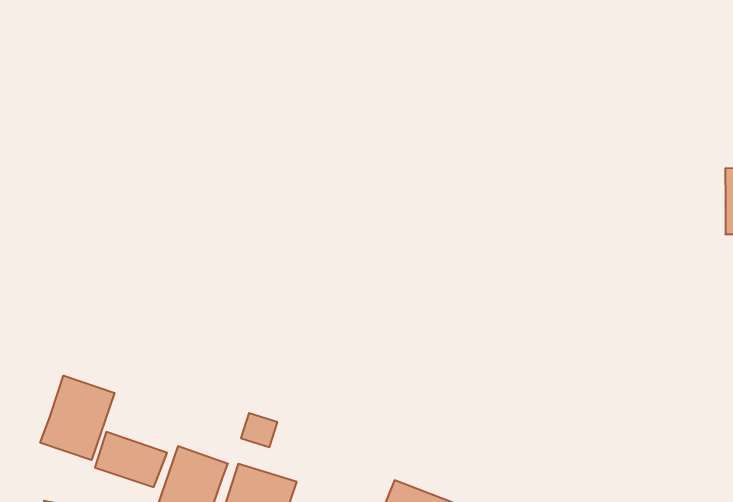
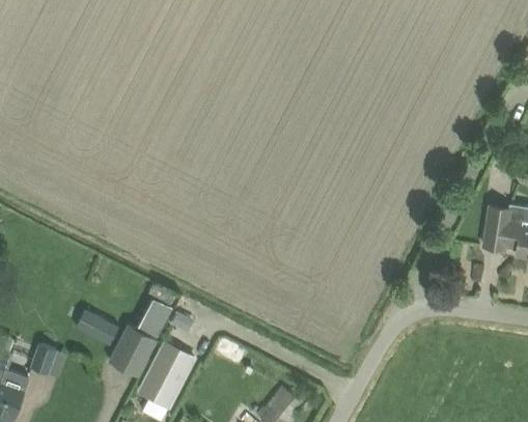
building: [40,376,115,460] -> none
building: none -> [134,297,169,334]

